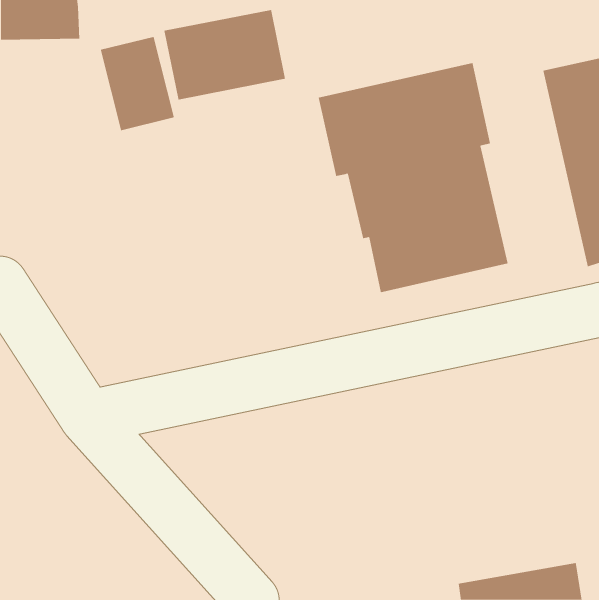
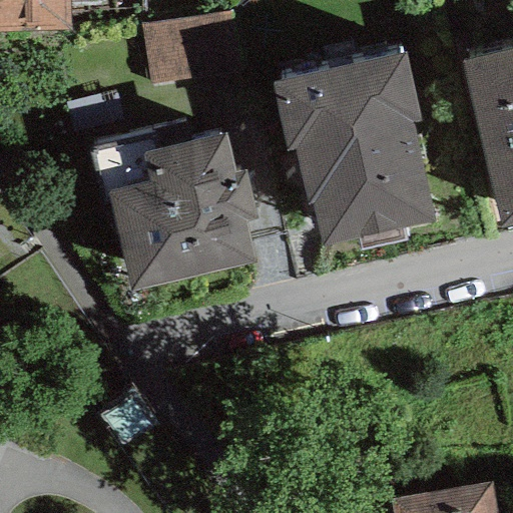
building: [100,36,175,131] -> none
building: none -> [90,131,261,292]

